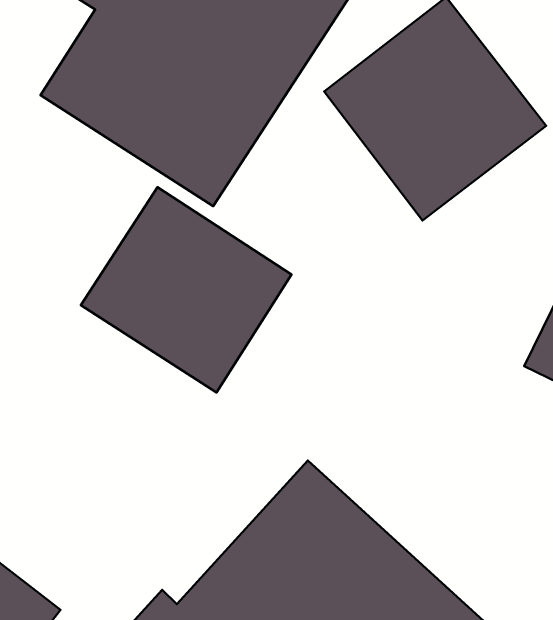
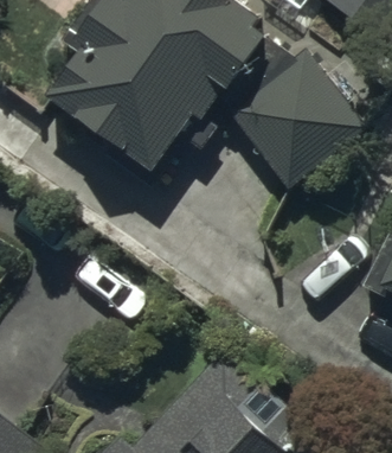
building: [81,187,292,393] -> none

